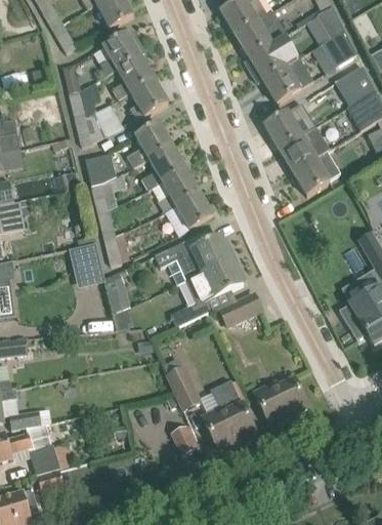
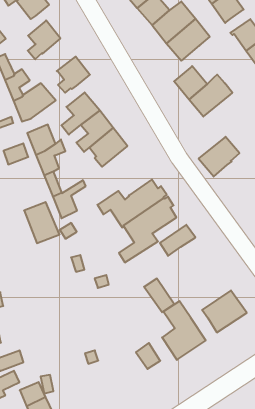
building: [113,55,155,99] -> none
building: [292,151,340,195] -> [199,137,239,177]
building: [166,192,213,234] -> none
building: [166,368,198,408] -> [144,279,174,312]

